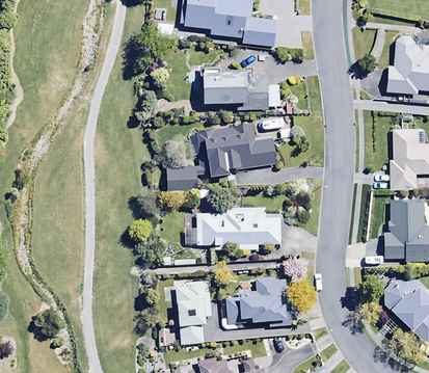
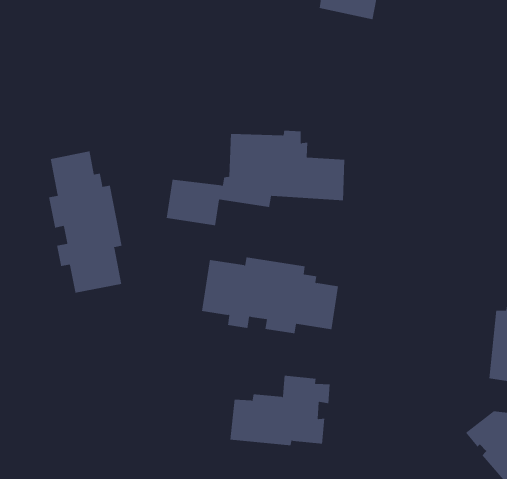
building: [202,64,279,109] -> none
building: none -> [49,151,122,294]
building: [175,279,212,343] -> none

